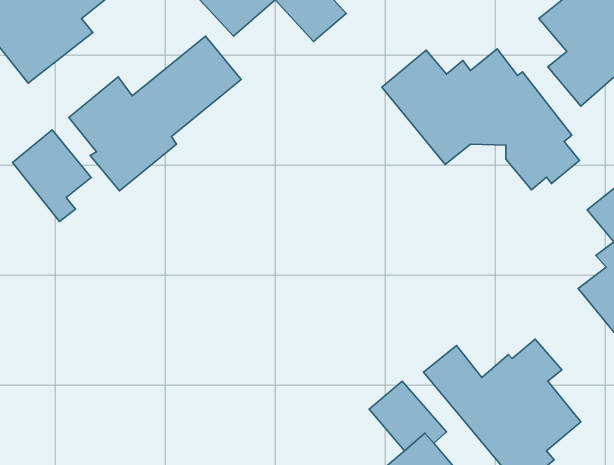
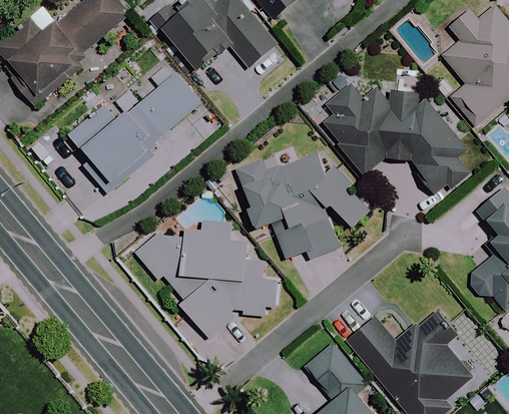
building: [13,130,91,222] -> none
building: none -> [234,147,370,257]
building: none -> [135,218,277,336]

